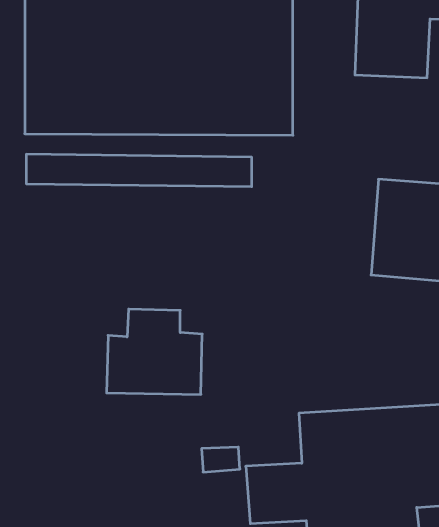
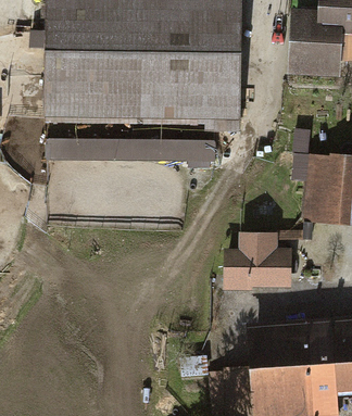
building: [107,309,202,394] -> [223,229,293,292]

